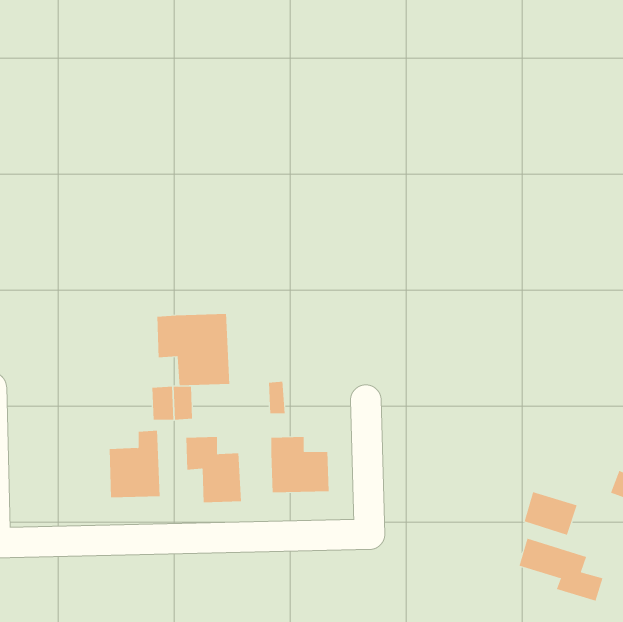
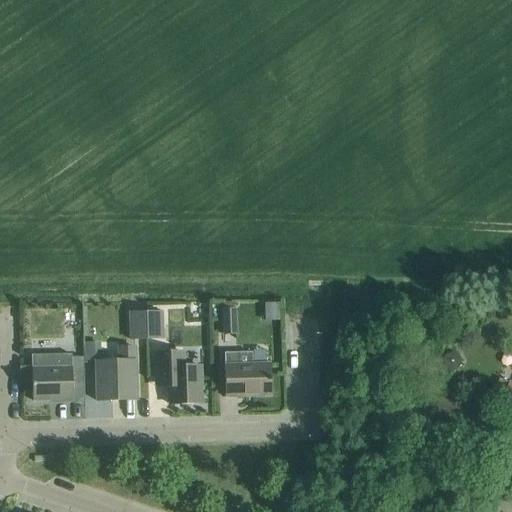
building: [157,313,230,386] -> none
building: none -> [33,353,86,400]
building: [519,538,603,602] -> none

